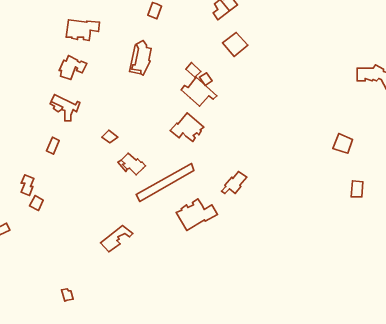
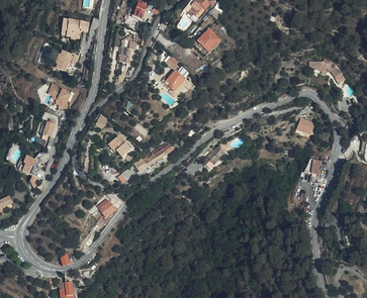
building: [170,113,204,142] -> none
building: [176,199,217,230] -> none

